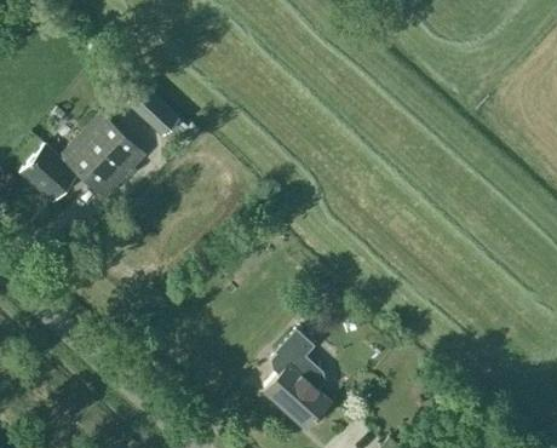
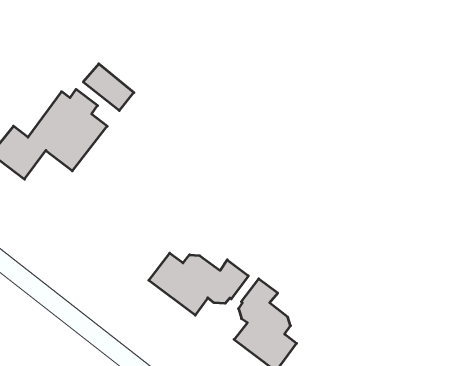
building: none -> [149,253,248,315]

